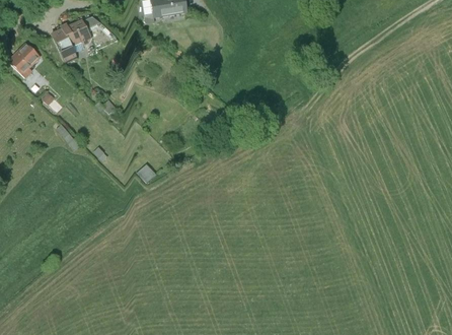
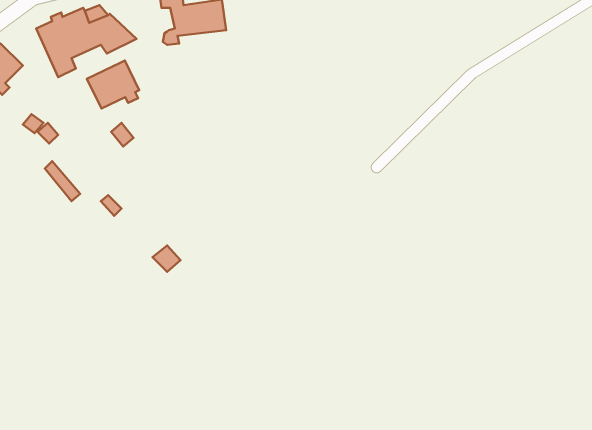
building: none -> [87,61,139,109]

